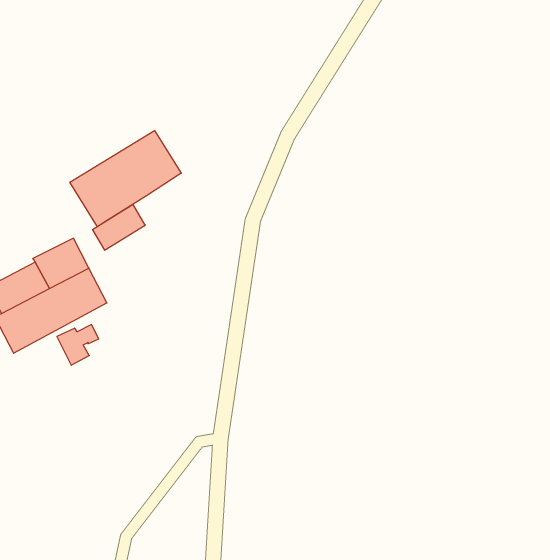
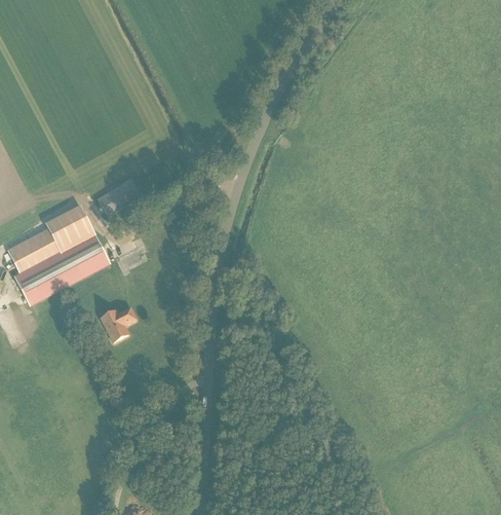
building: [70,131,181,227] -> none
building: [57,325,99,365] -> [100,306,136,341]

